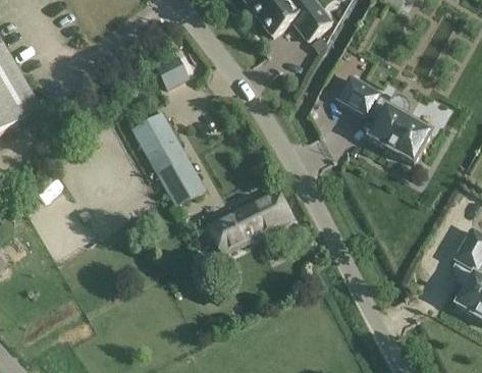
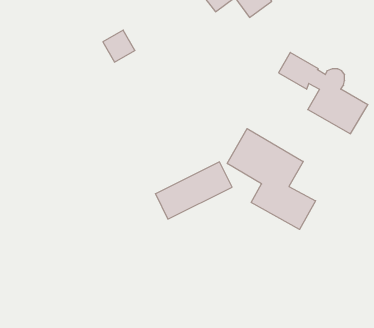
building: [129,110,205,206] -> none
building: none -> [227,129,316,229]

